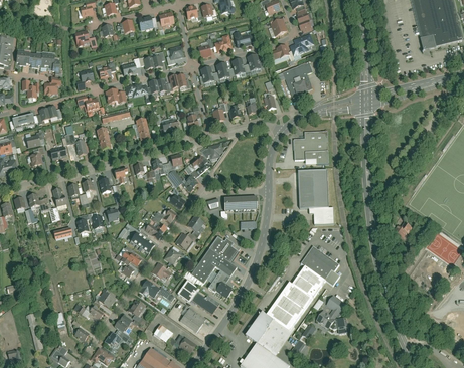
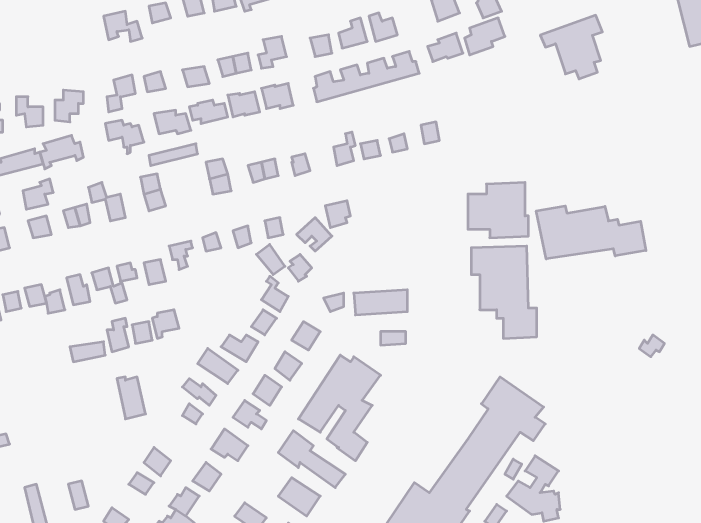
building: [18,51,62,72] -> none
building: [276,61,313,100] -> [540,15,602,79]
building: none -> [536,206,646,259]

